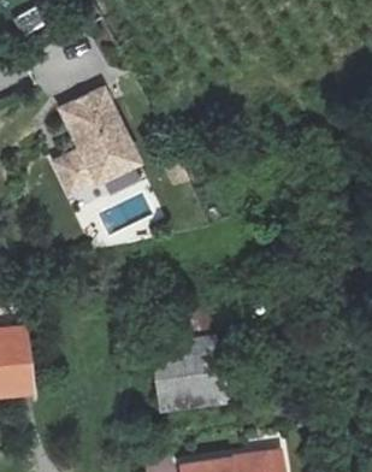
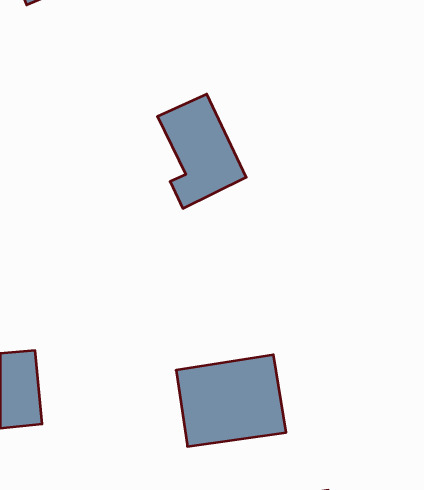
building: [60,94,136,191] -> [157,94,246,208]

